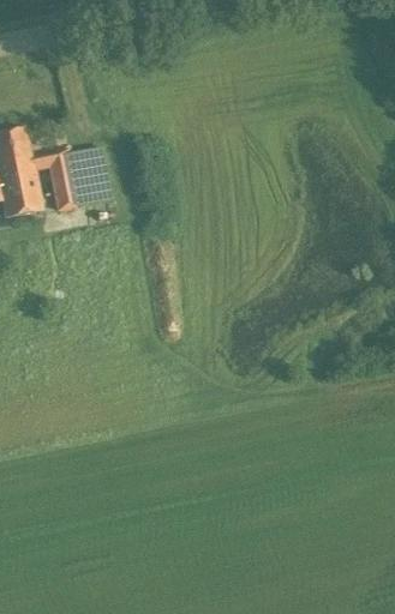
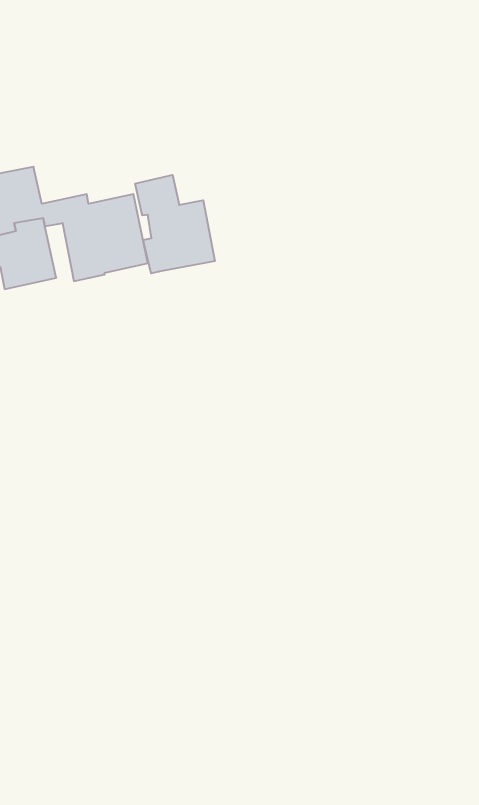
building: none -> [135,175,215,273]

